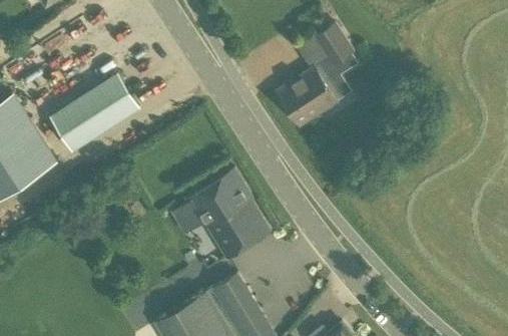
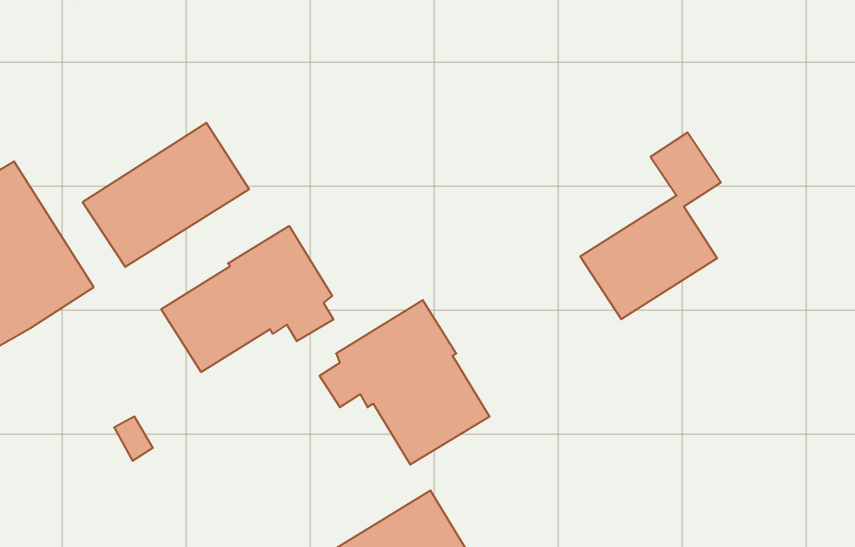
building: [277,24,353,125] -> [580,133,721,319]
building: none -> [161,226,333,372]

